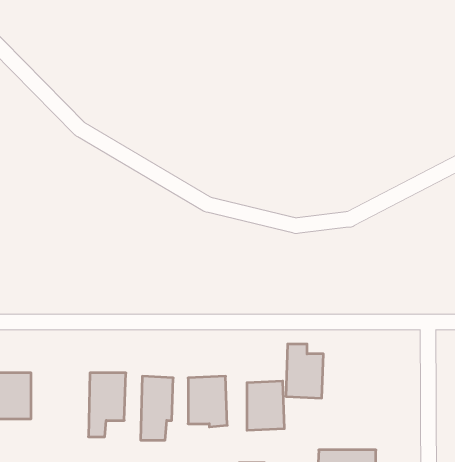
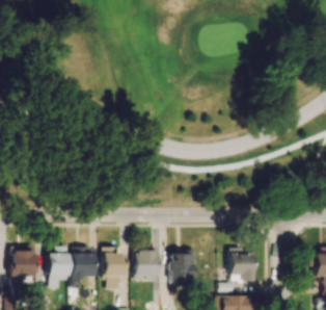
building: [286,344,323,398] -> [229,248,253,282]
building: none -> [48,247,69,289]

